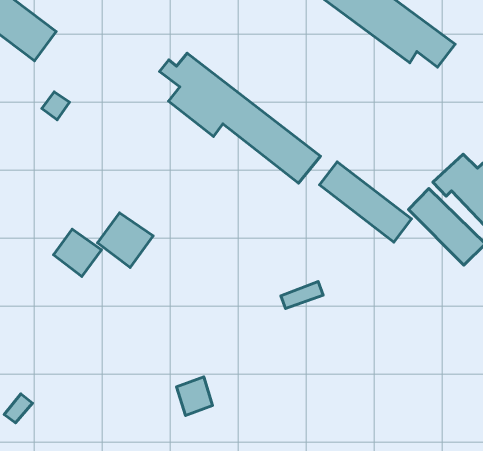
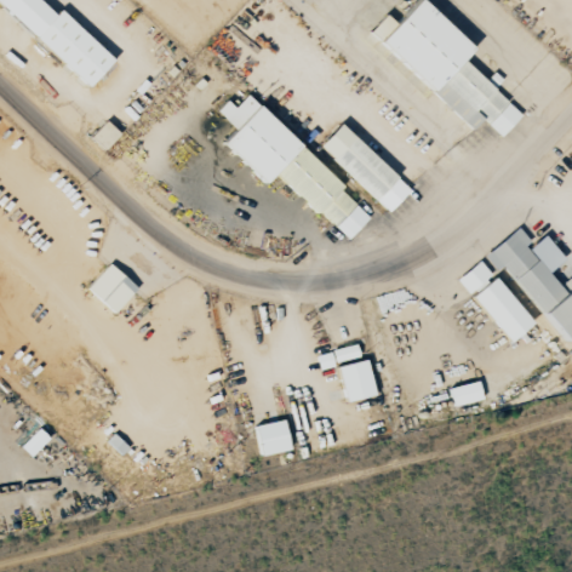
building: [319,162,411,242] -> [322,124,413,212]
building: [98,213,153,267] -> none
building: none -> [341,360,379,402]
building: none -> [452,381,486,407]
building: [176,377,213,415] -> [258,419,293,457]

